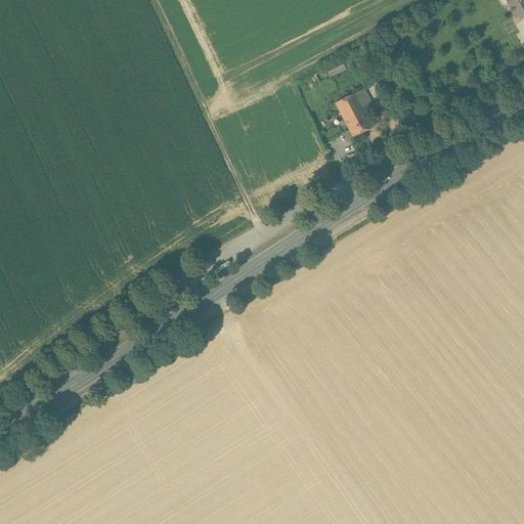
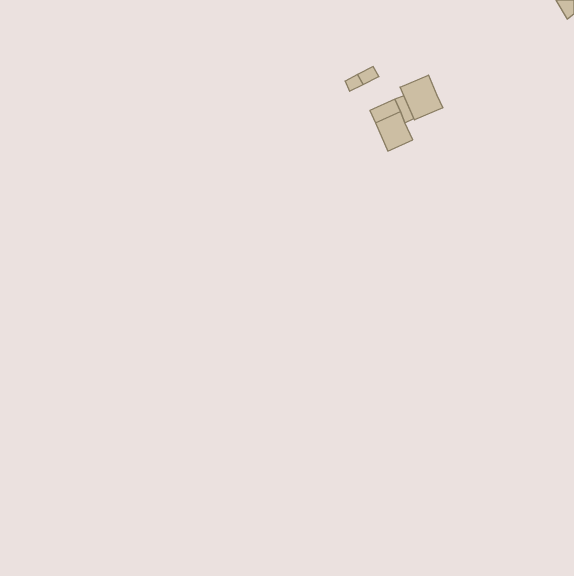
building: none -> [400,75,443,120]

